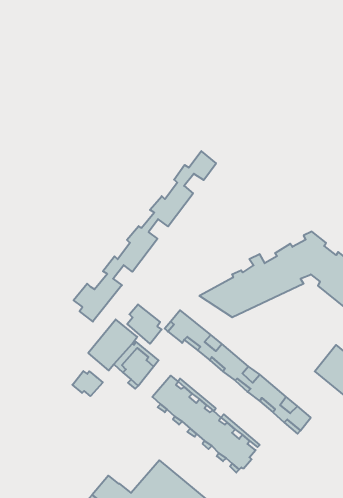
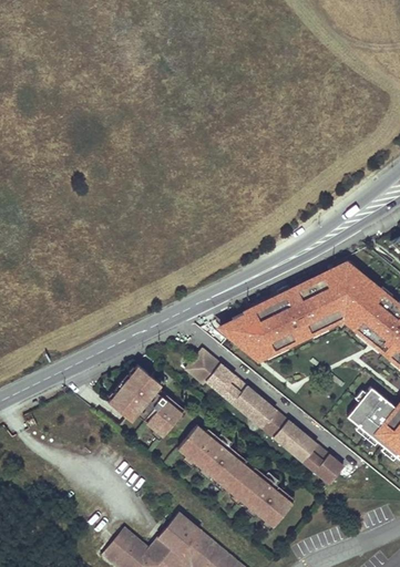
building: [74,151,216,322] -> none
building: [127,304,162,344] -> none
building: [72,371,103,396] -> none

